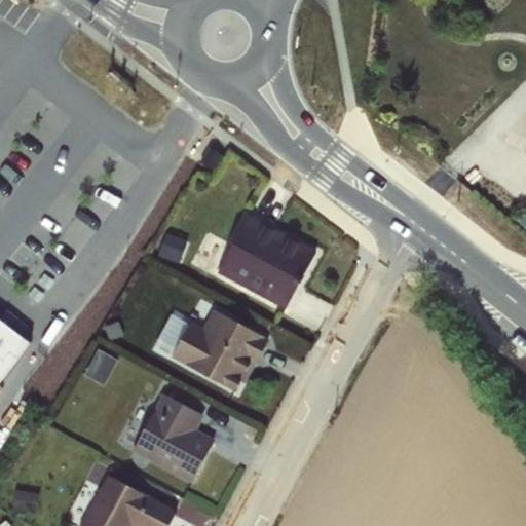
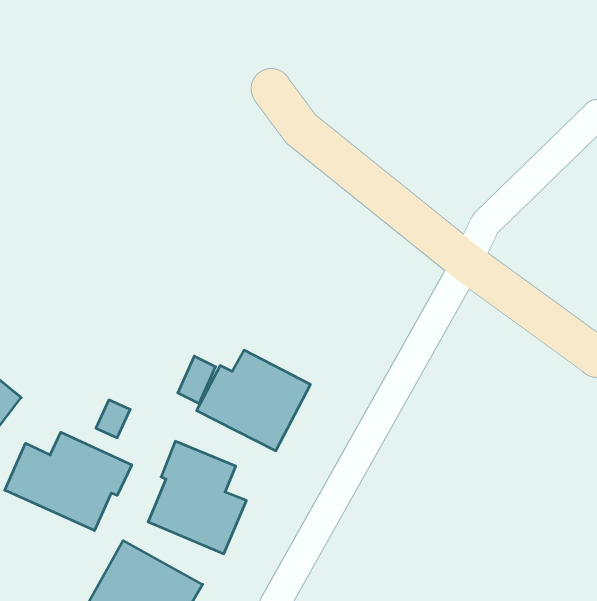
building: [217,216,316,310] -> none
building: none -> [5,432,132,531]

